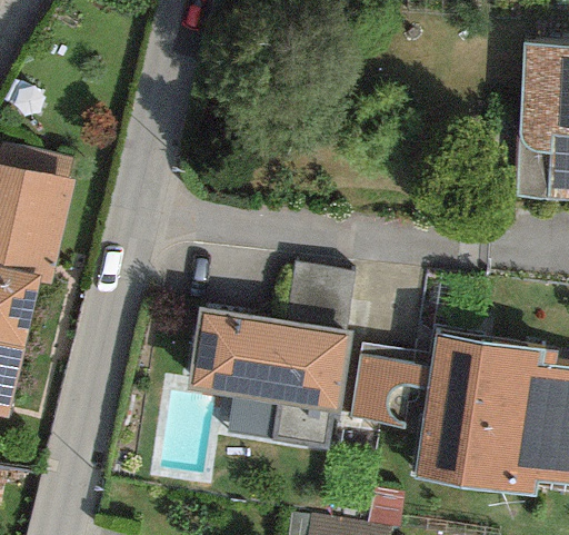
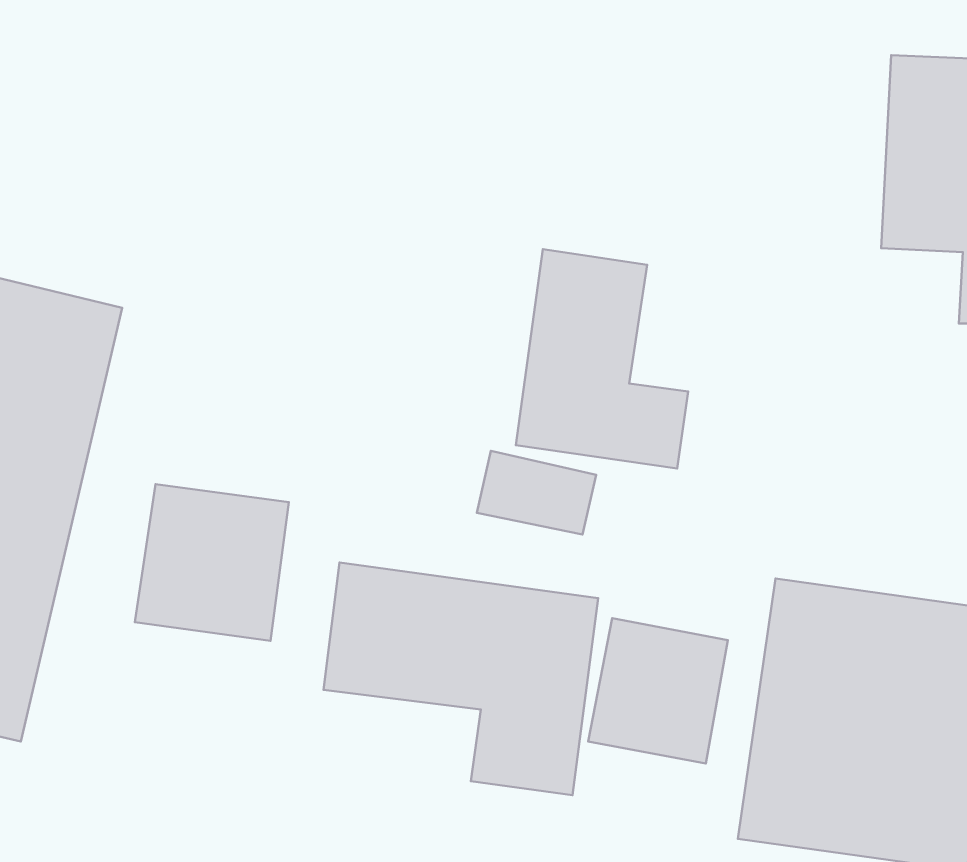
building: none -> [516,249,688,468]
building: none -> [135,484,289,641]

